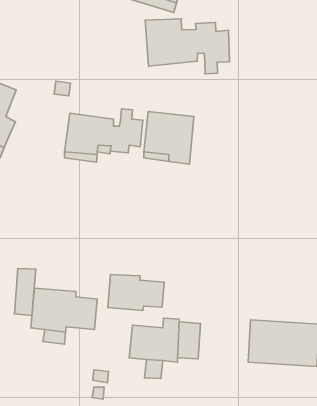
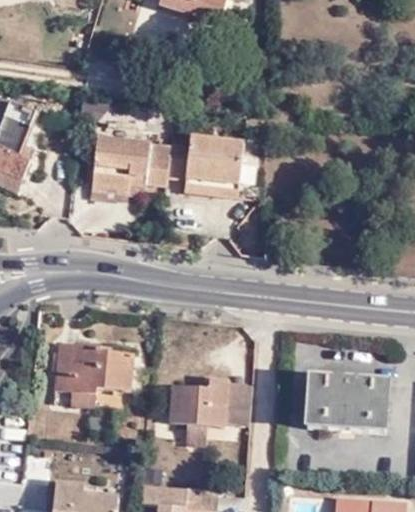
building: [145,19,230,74] -> none
building: [15,268,36,315] -> none
building: [108,274,164,310] -> none

